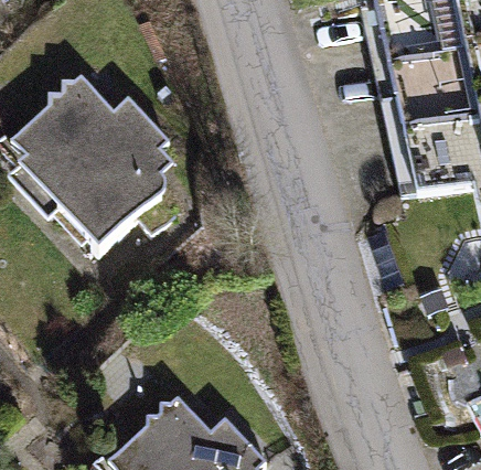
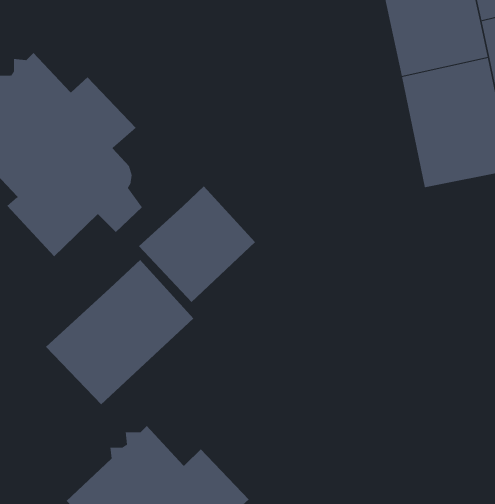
building: none -> [138,186,256,303]
building: none -> [45,259,194,405]

